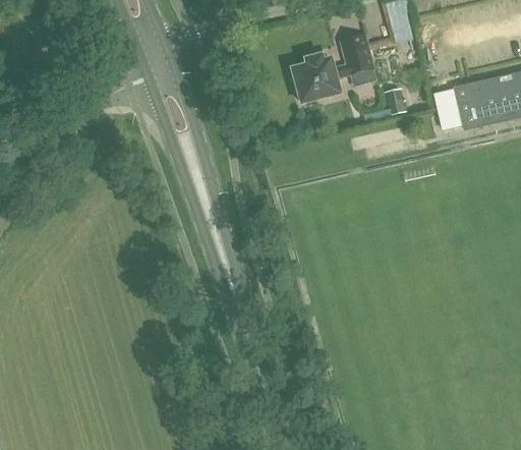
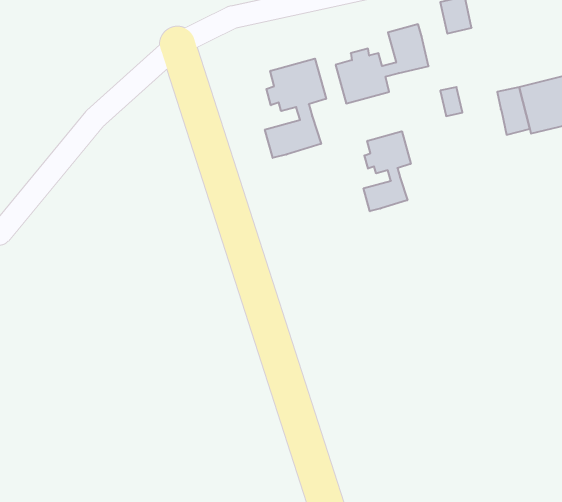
building: none -> [265,59,326,158]
building: none -> [364,131,411,211]

